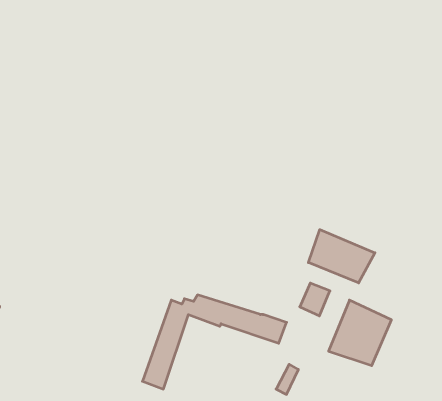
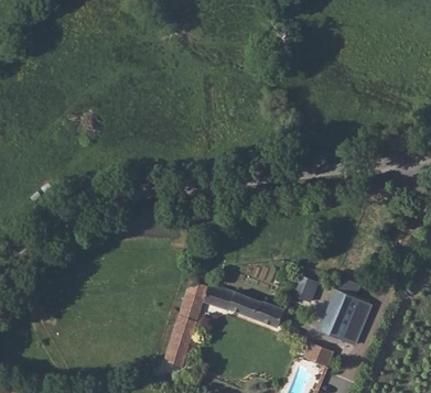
building: [308,230,375,283] -> none
building: none -> [302,341,335,368]

